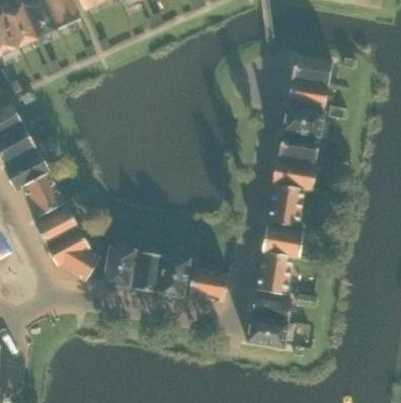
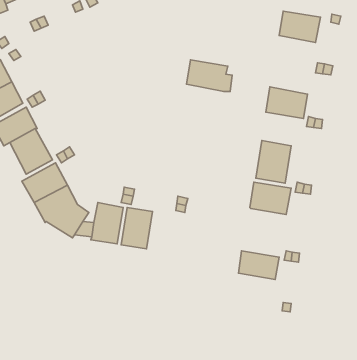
building: [287,77,327,106] -> none
building: [282,104,327,136] -> [186,60,232,91]
building: [272,158,314,187] -> none
building: [158,248,188,295] -> none
building: [255,250,292,293] -> none
building: [187,265,228,301] -> none
building: [246,315,293,345] -> none

